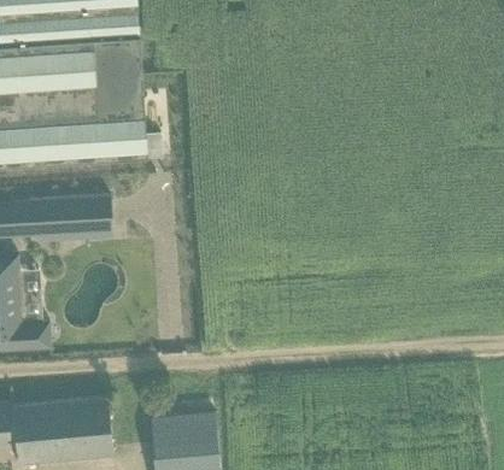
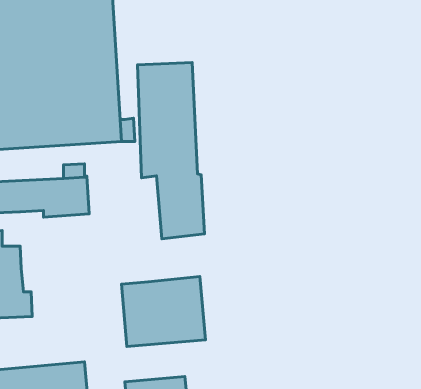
building: none -> [137,63,205,239]
building: none -> [121,277,206,346]

